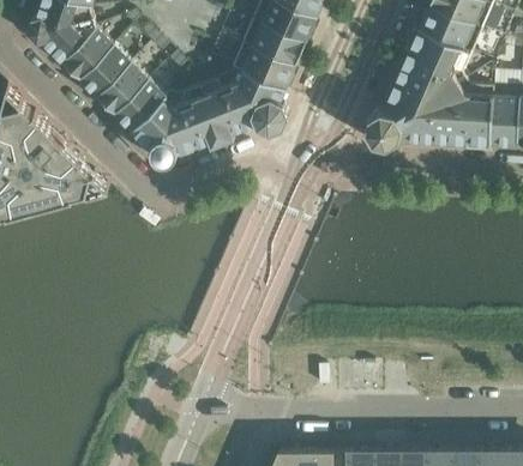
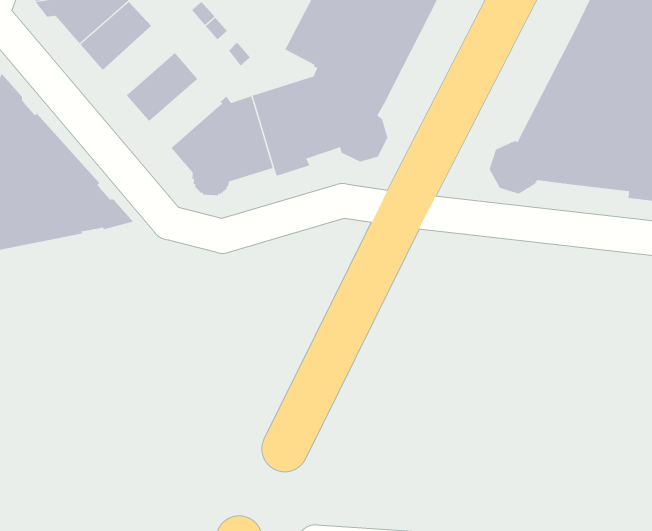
building: [79,46,131,97] -> none
building: [115,81,167,133] -> none

